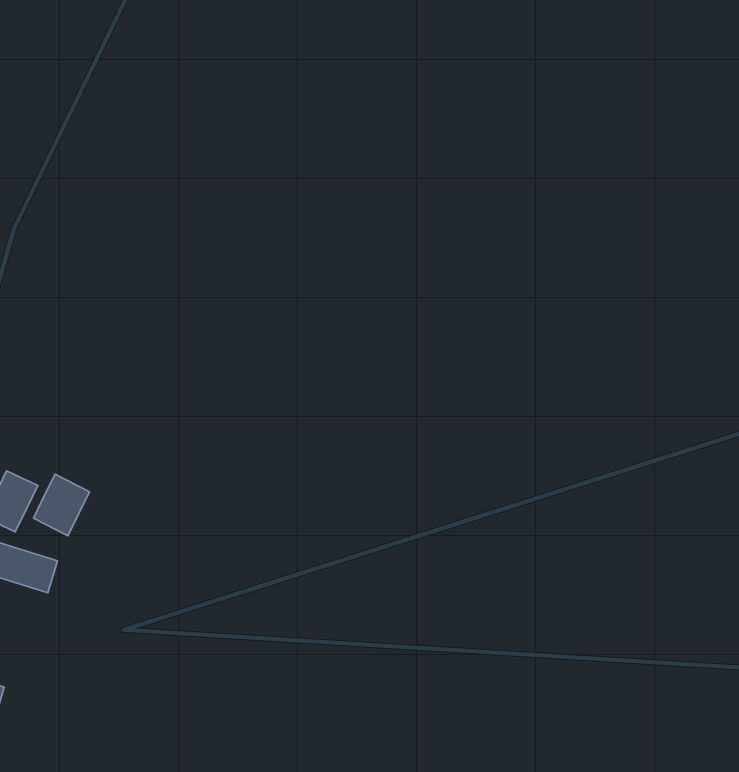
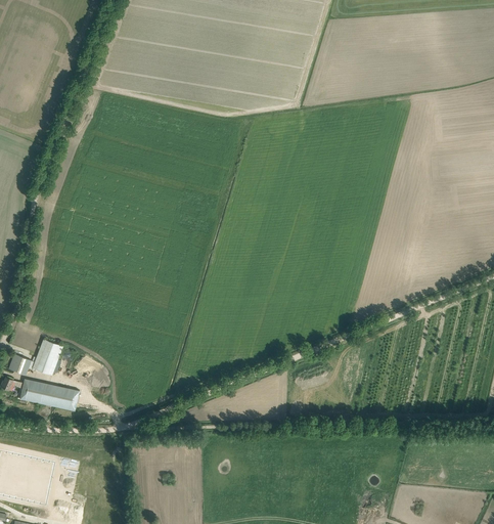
building: [34,474,89,536] -> none

